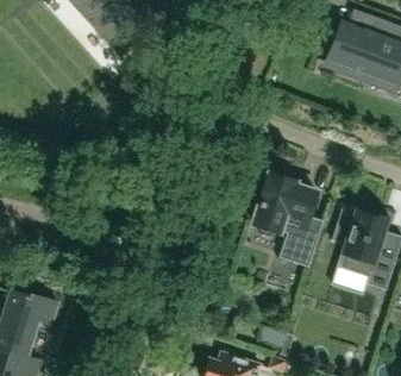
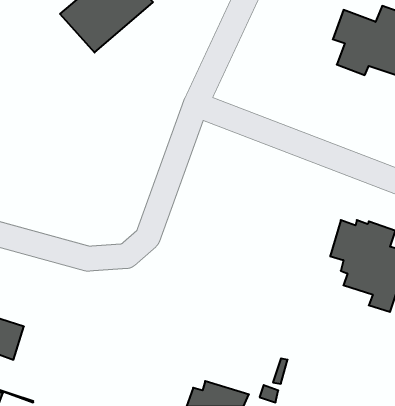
building: [253,173,317,267] -> none

